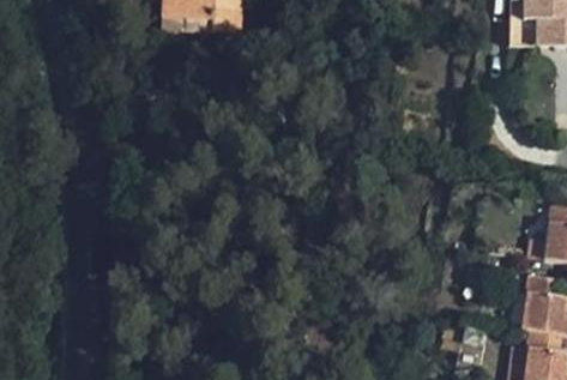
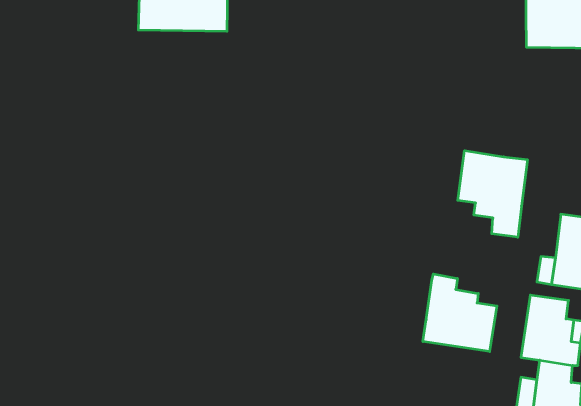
building: none -> [458,151,527,237]
building: none -> [423,274,497,352]

